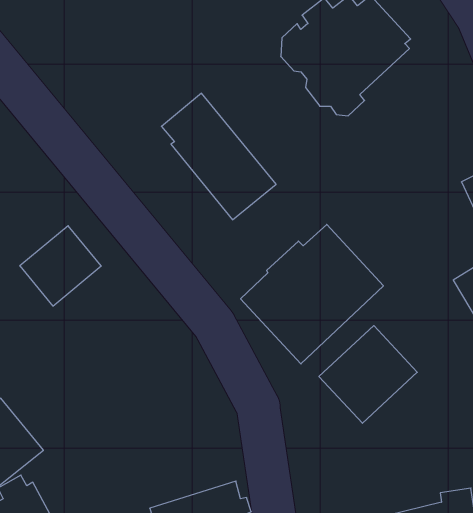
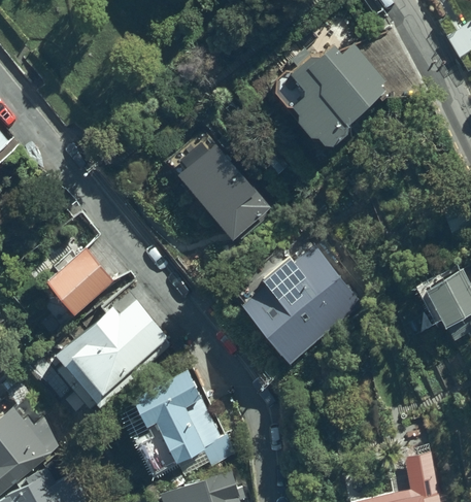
building: none -> [52,299,172,409]
building: [319,326,417,423] -> none
building: none -> [129,366,235,478]

